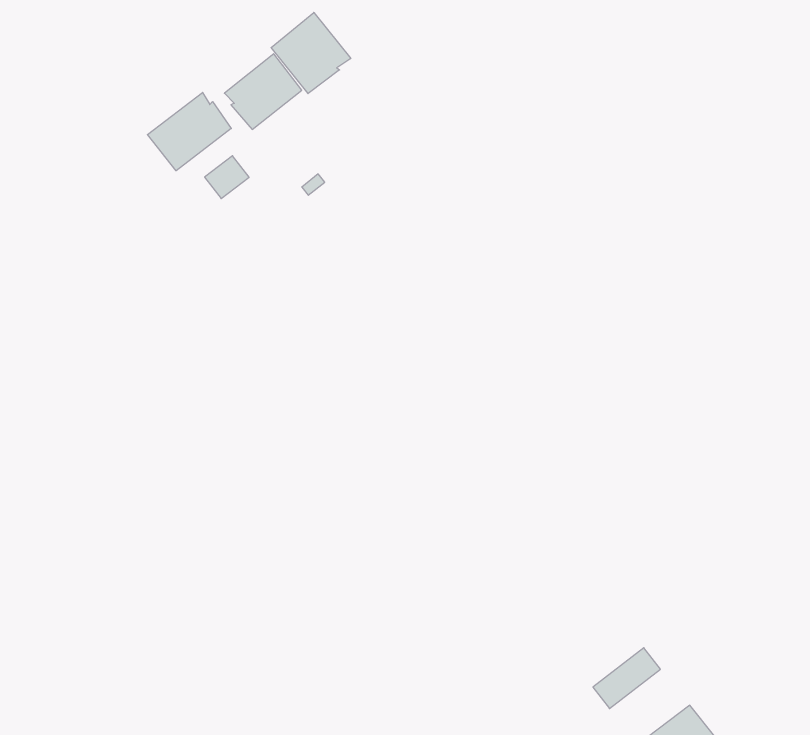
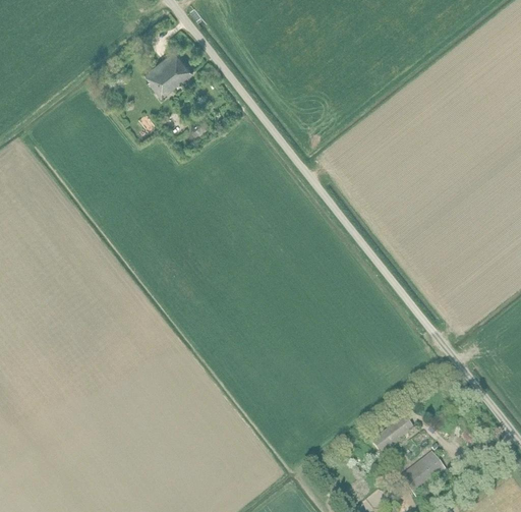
building: [271,12,351,94] -> none
building: [147,92,231,171] -> none

